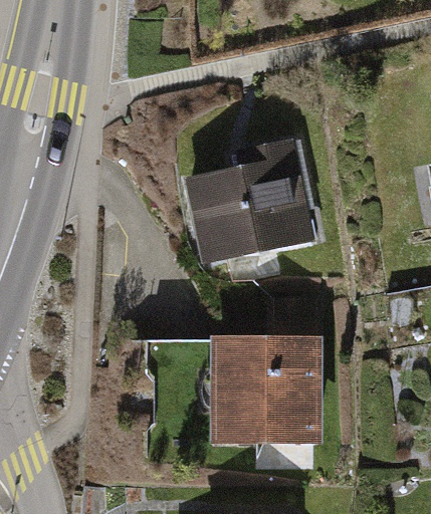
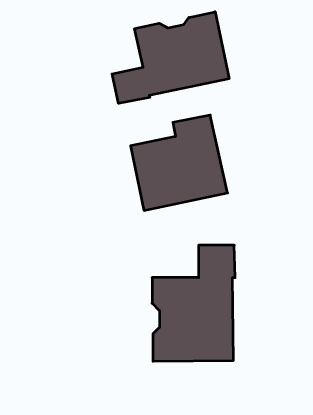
building: none -> [112,12,229,103]

